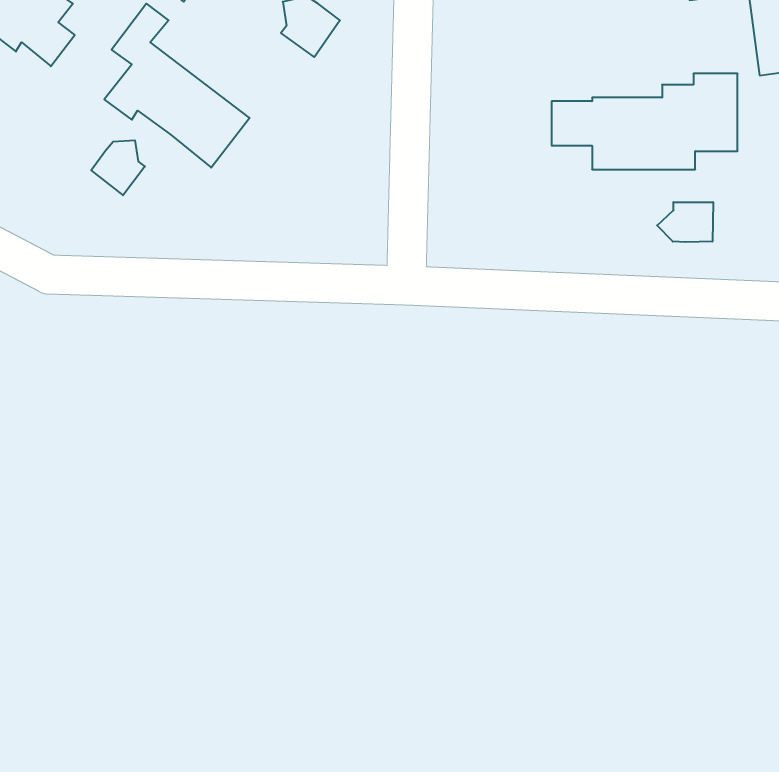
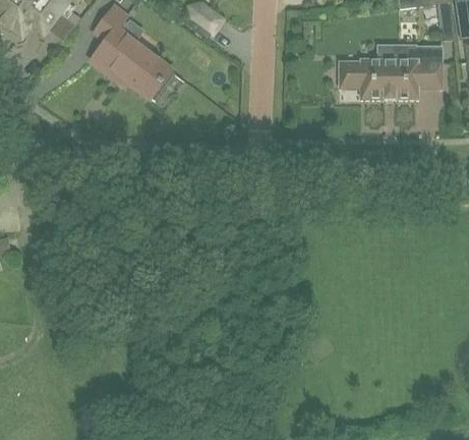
building: [91,140,145,195] -> none
building: [657,202,713,242] -> none

